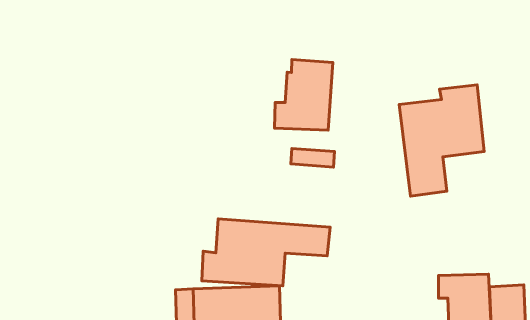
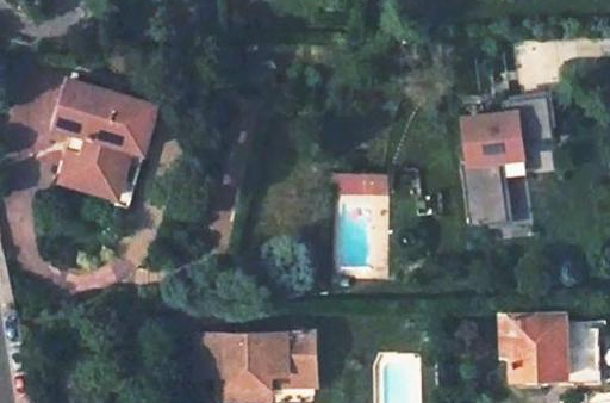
building: [275,60,333,130] -> none
building: none -> [60,78,162,194]
building: [202,219,330,286] -> none

